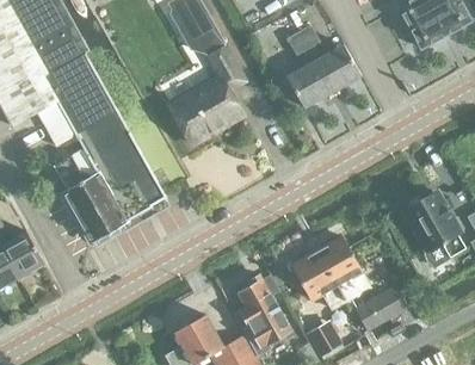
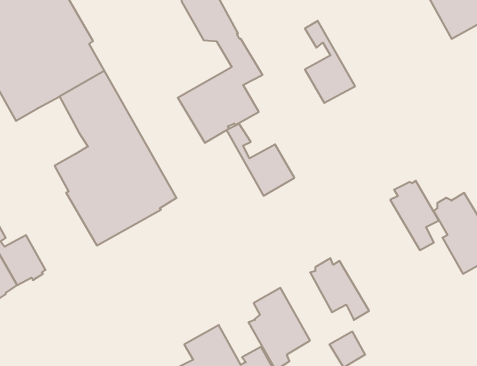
building: [297,26,360,93] -> [226,124,294,196]
building: [37,103,75,147] -> none
building: [317,237,363,302] -> [390,181,439,250]
building: [354,287,406,332] -> none

